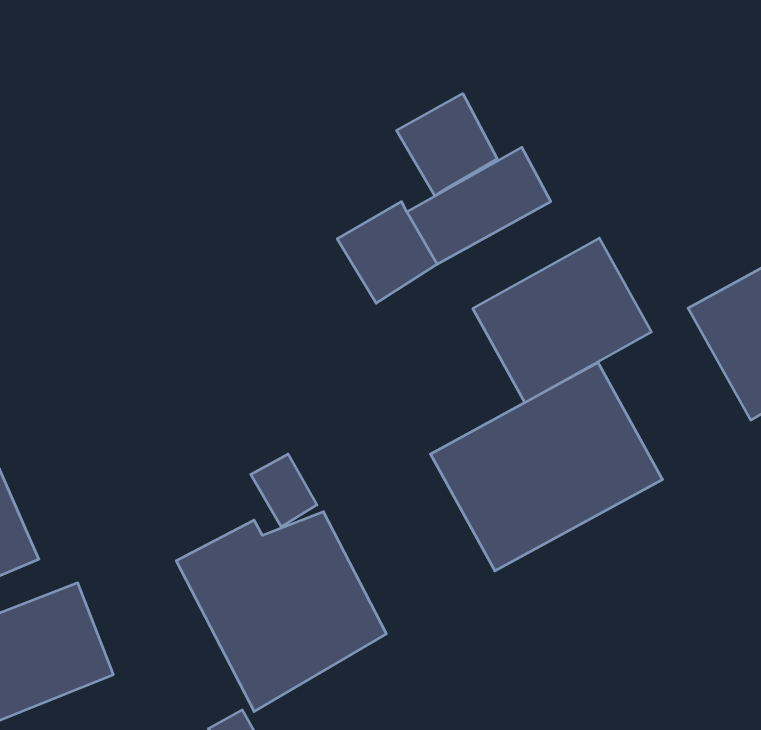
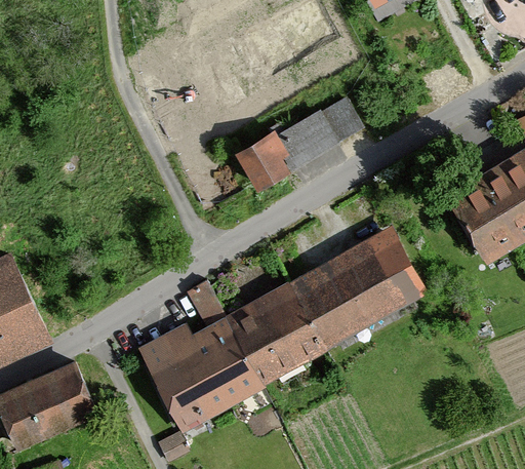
building: [397,94,497,196] -> none
building: [473,238,651,402] -> none
building: none -> [225,282,328,391]

